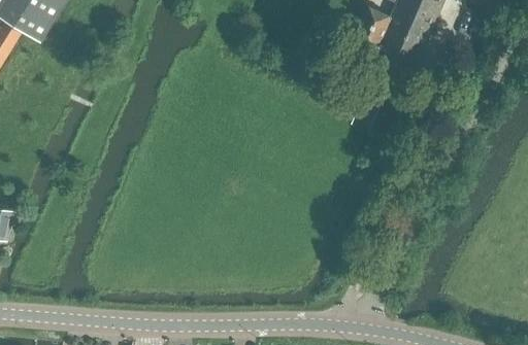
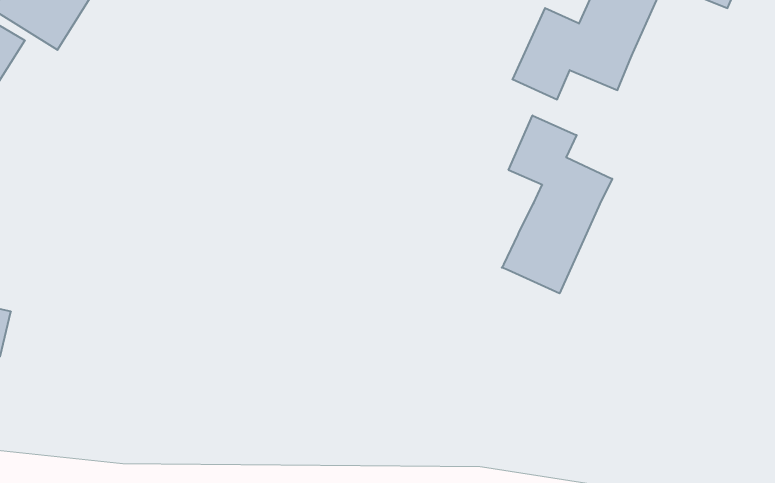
building: none -> [502,115,612,293]

